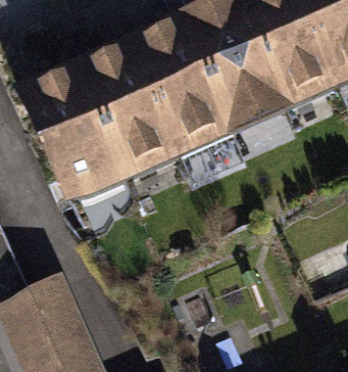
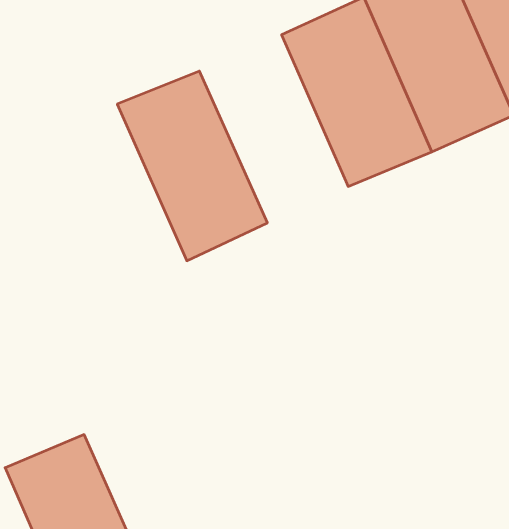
building: [135,31,231,152] -> none
building: [28,76,127,200] -> none

